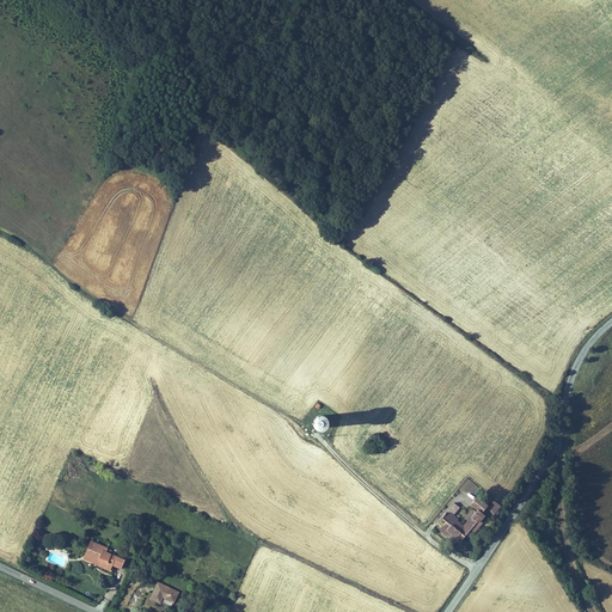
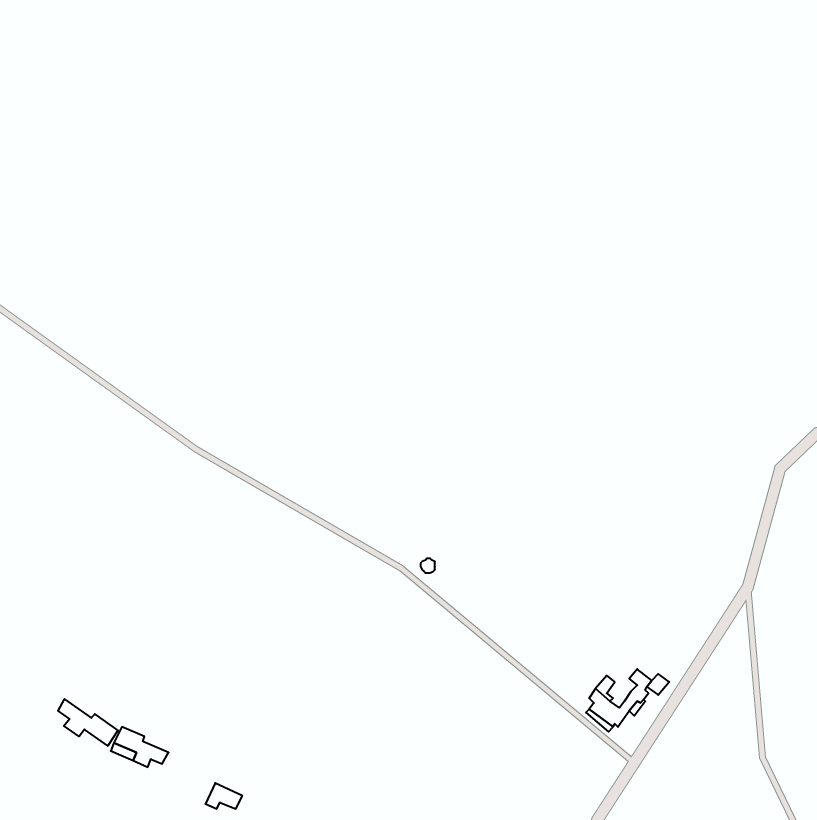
building: none -> [58,699,118,746]

